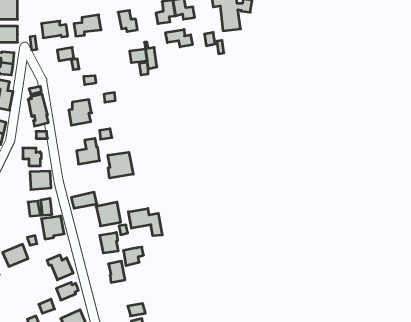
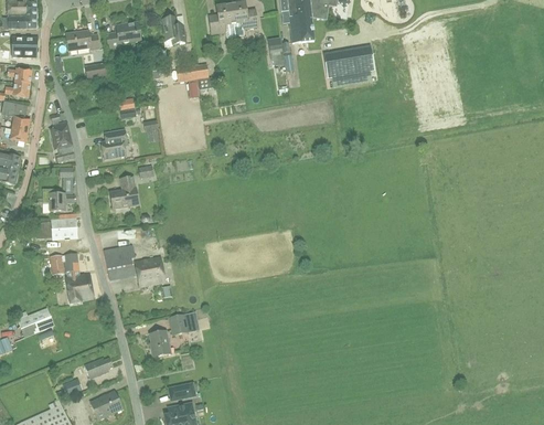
building: [166,29,192,47] -> none
building: none -> [323,47,373,77]
building: [108,152,133,178] -> none
building: [128,208,162,236] -> none
building: [100,232,118,253] -> none
building: [47,255,73,280] -> none

